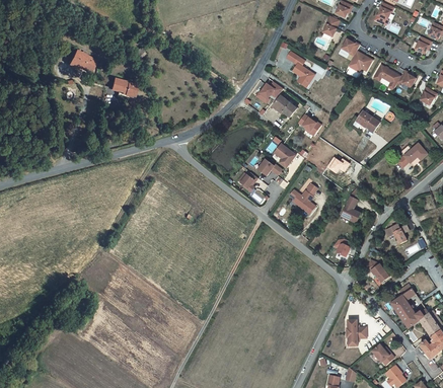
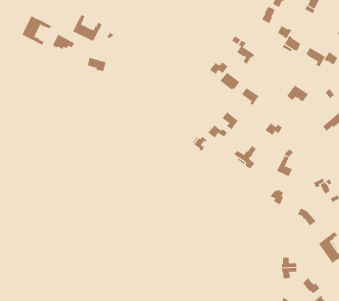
building: none -> [72,14,102,42]
building: none -> [22,15,52,46]

